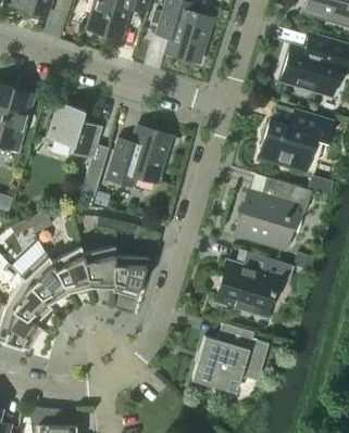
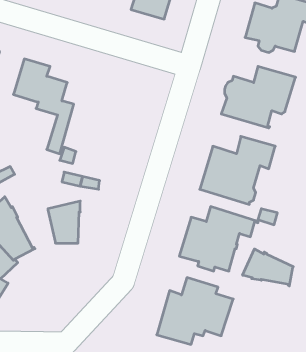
building: [107,125,182,186] -> none
building: [51,246,90,293] -> none
building: [112,256,148,297] -> none
building: none -> [243,249,293,286]

